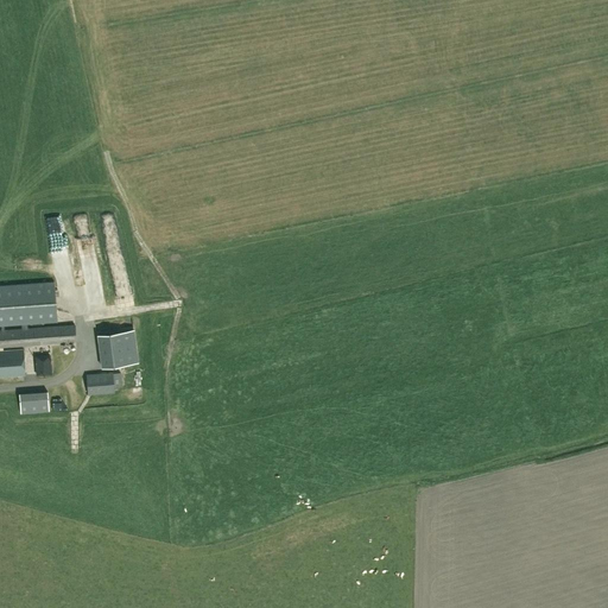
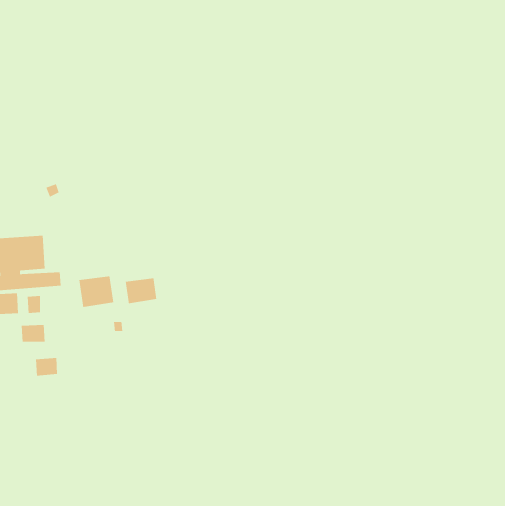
building: none -> [125,278,157,304]
building: [84,374,112,397] -> [35,357,58,376]

